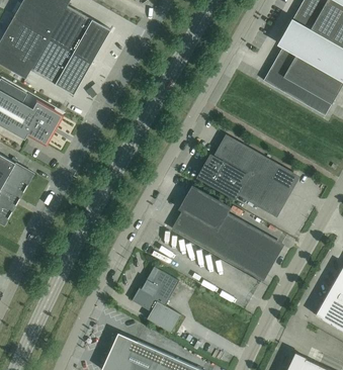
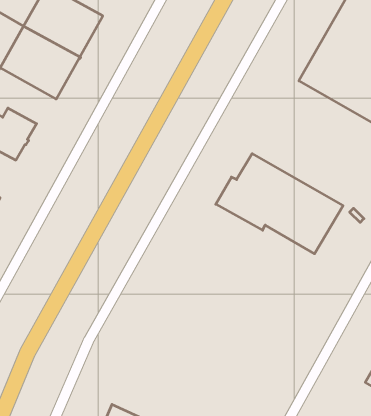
building: [174,187,281,278] -> none
building: [132,266,181,332] -> none

